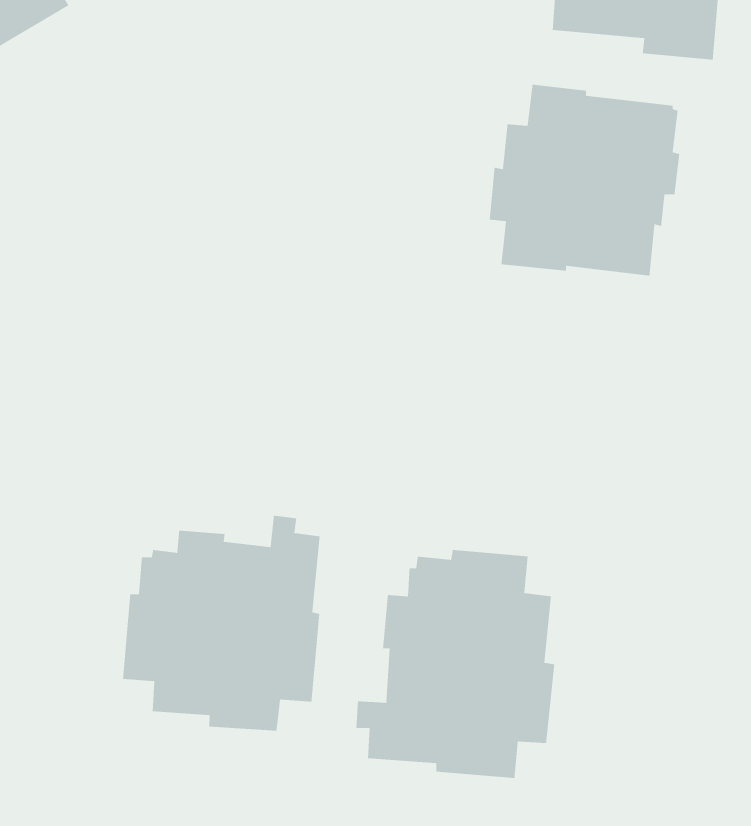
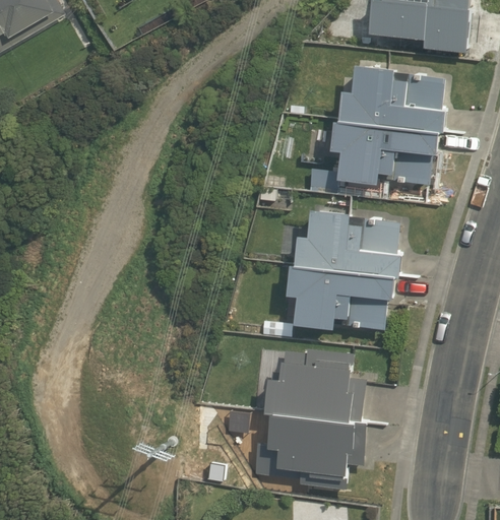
building: none -> [285,206,401,330]
building: [122,515,320,732] -> none

